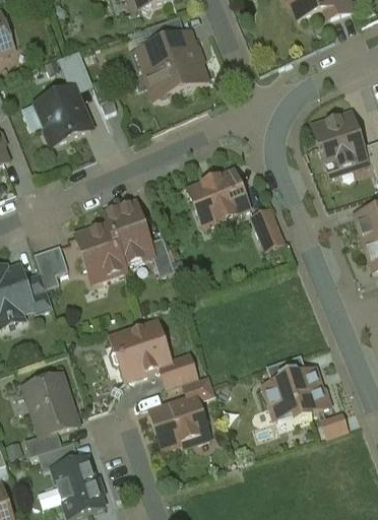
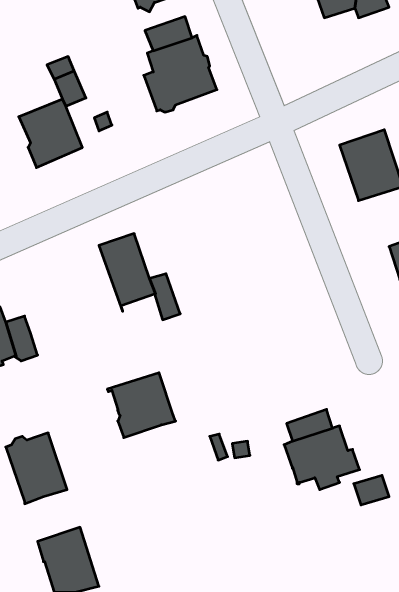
building: [187,169,248,225] -> none
building: [251,207,281,248] -> none
building: [75,211,124,279] -> none
building: [34,244,67,286] -> none
building: [158,350,196,387] -> none
building: [149,395,208,444] -> none
building: [23,428,61,453] -> none

